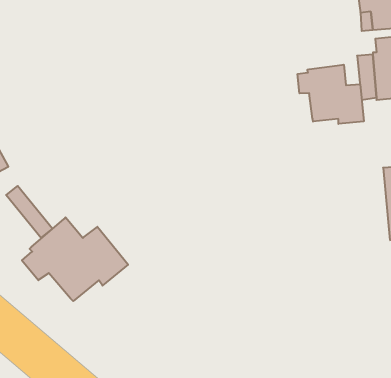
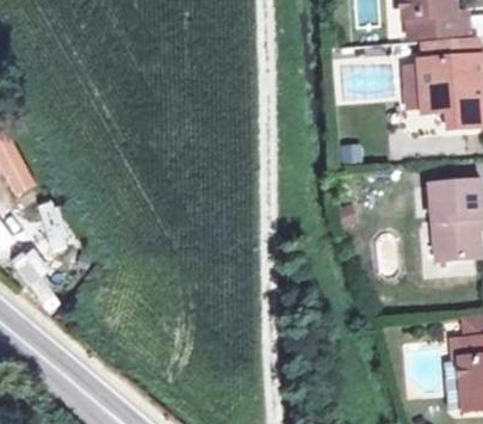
building: [298,65,364,124] -> none
building: [22,217,128,301] -> none

